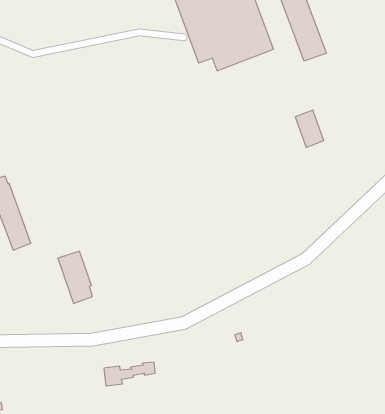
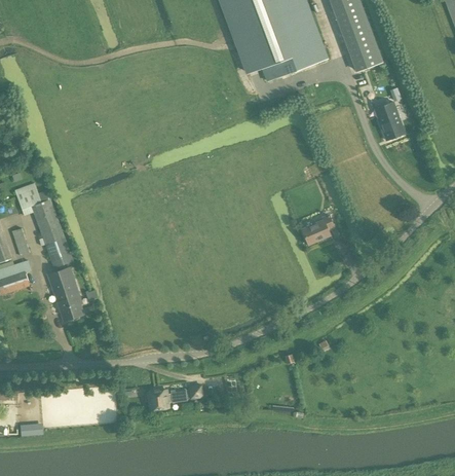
building: [295,110,324,147] -> [375,102,405,141]
building: none -> [301,214,334,245]
building: [58,251,92,303] -> [47,267,83,322]

